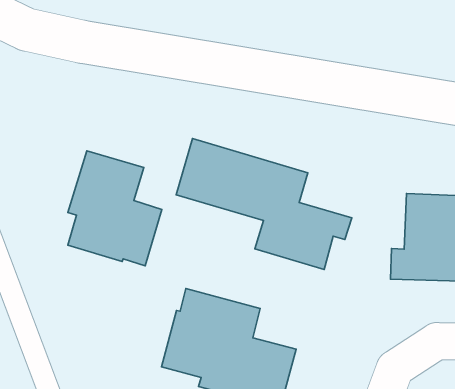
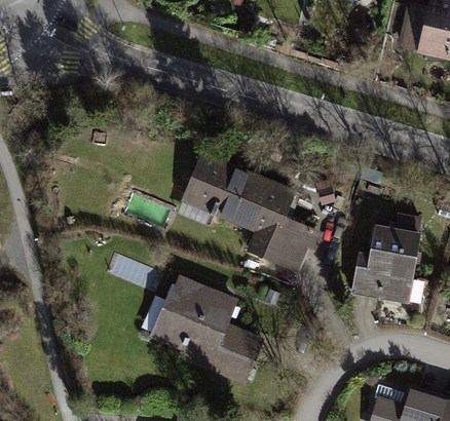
building: [68,151,162,266] -> none

